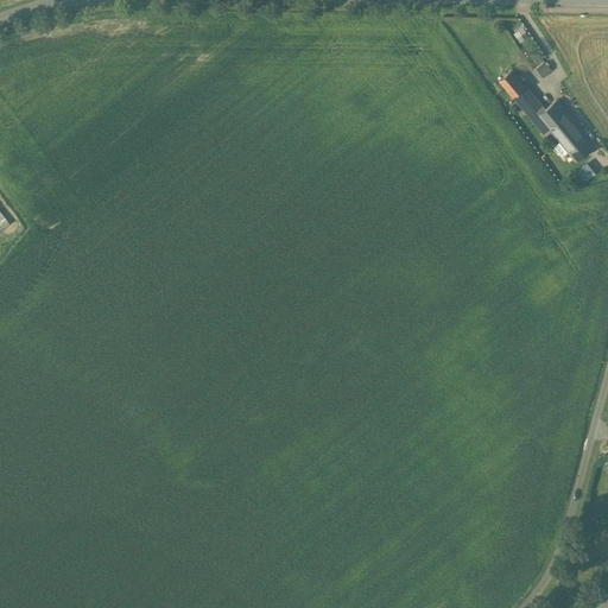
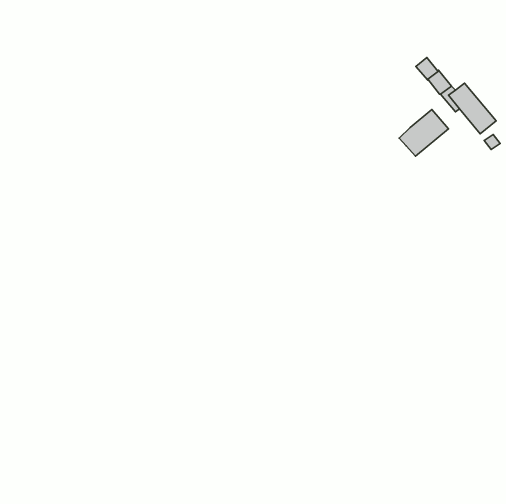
building: none -> [399,110,448,156]

